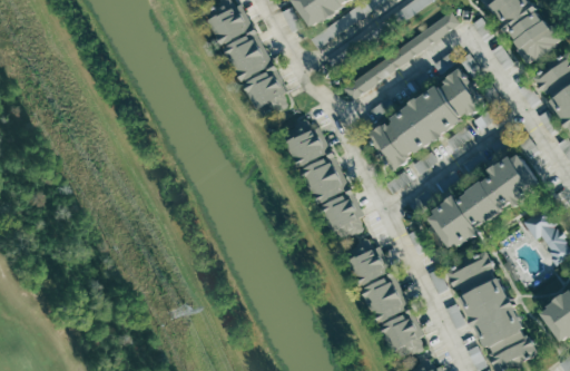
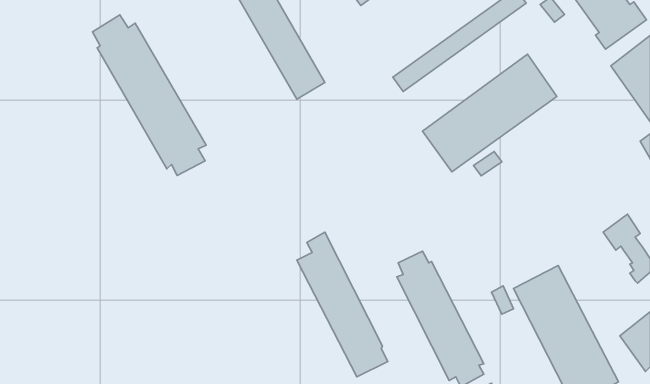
building: none -> [93,15,206,176]
building: [284,117,363,243] -> [297,232,388,377]
building: [429,155,538,246] -> none

